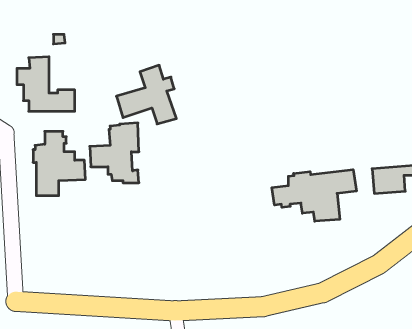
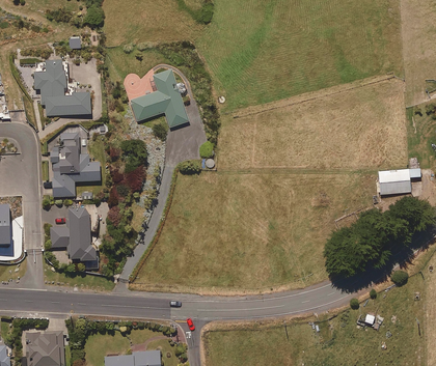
building: [90,123,139,183] -> [50,206,98,264]
building: [272,170,356,221] -> none

